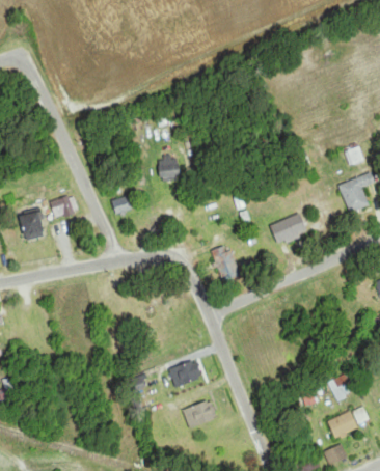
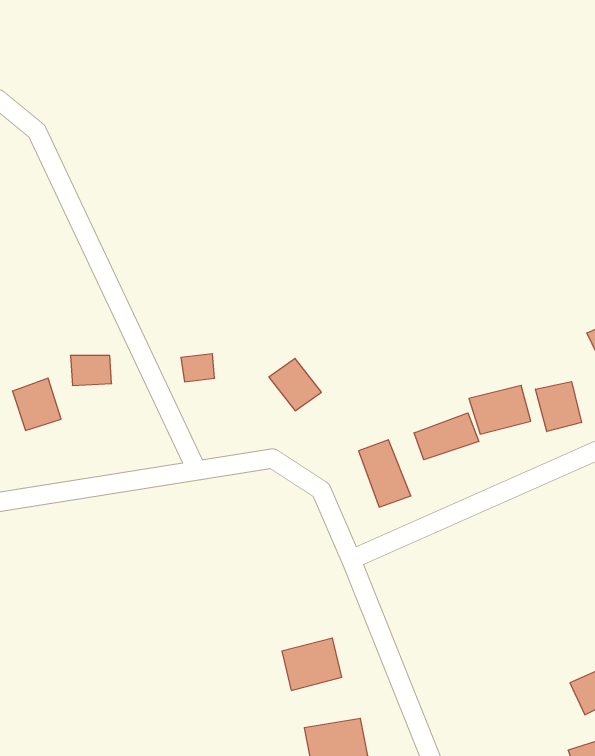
building: [153,154,182,183] -> [269,358,321,411]
building: none -> [536,382,582,432]
building: none -> [414,413,479,460]

